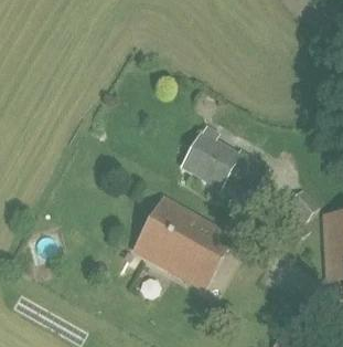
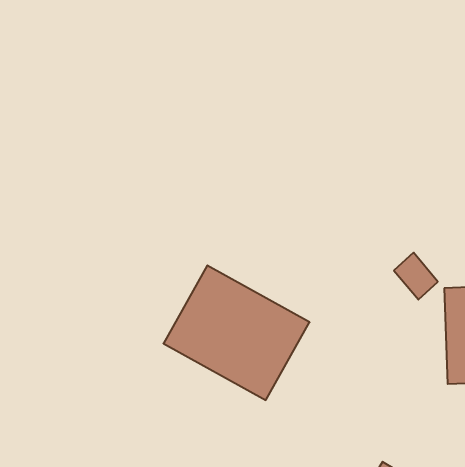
building: [181,126,266,189] -> none

